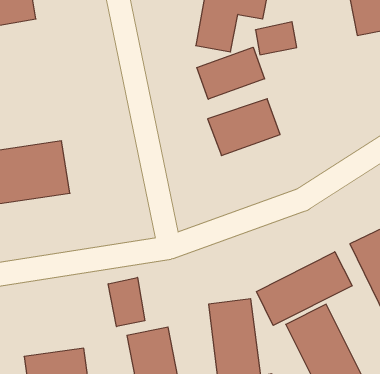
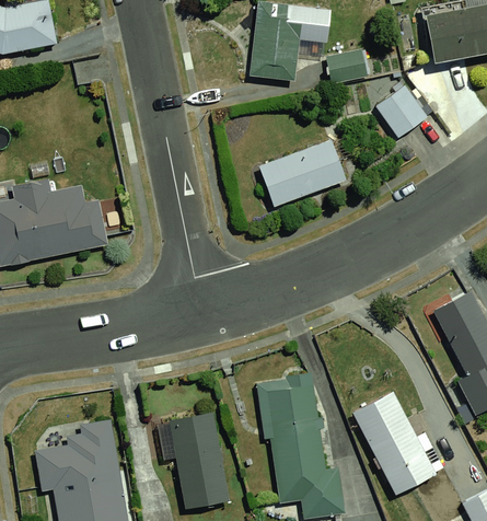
building: [197,47,265,99] -> none
building: none -> [376,84,431,138]
building: [257,252,352,325] -> none
building: [108,277,145,327] -> none

